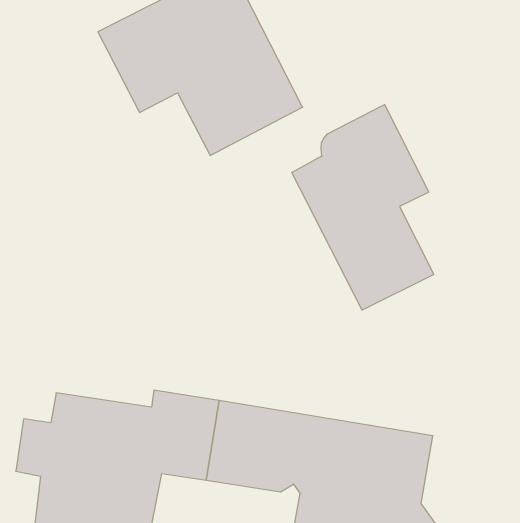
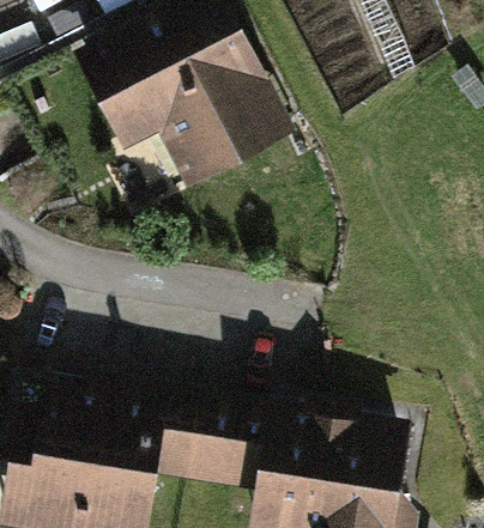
building: [292,105,434,310] -> none

